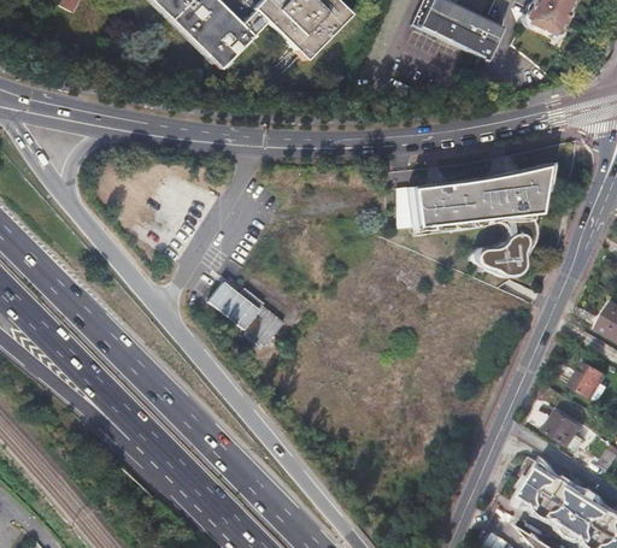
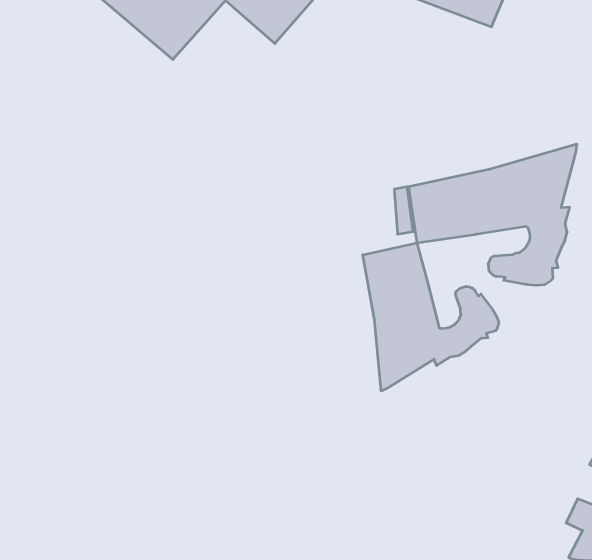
building: none -> [363,243,499,391]
building: [207,278,287,344] -> none

